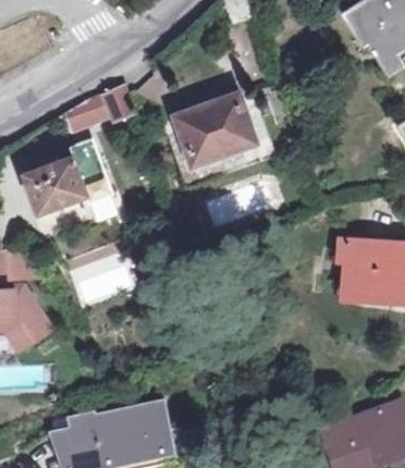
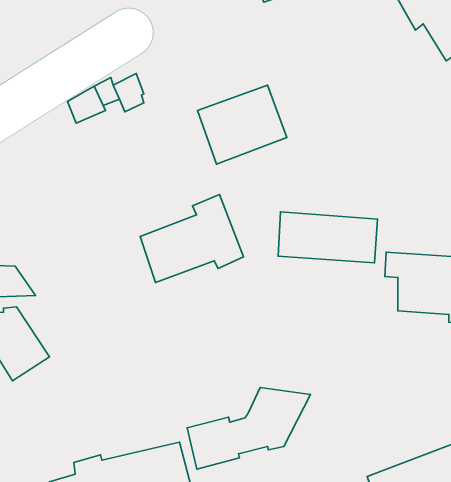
building: [24,139,112,214] -> [140,194,244,282]
building: none -> [278,212,377,263]
building: none -> [187,387,311,469]

